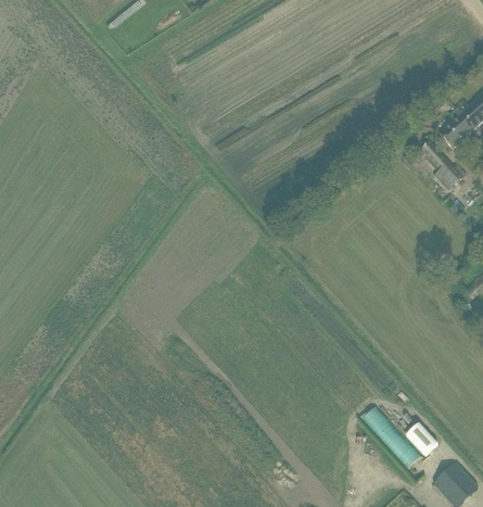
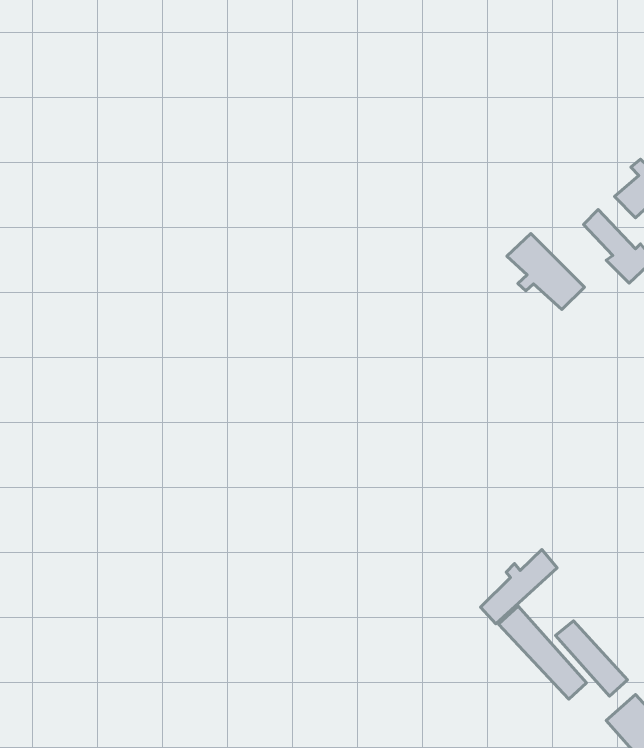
building: none -> [507,234,584,310]
building: none -> [481,550,557,624]

